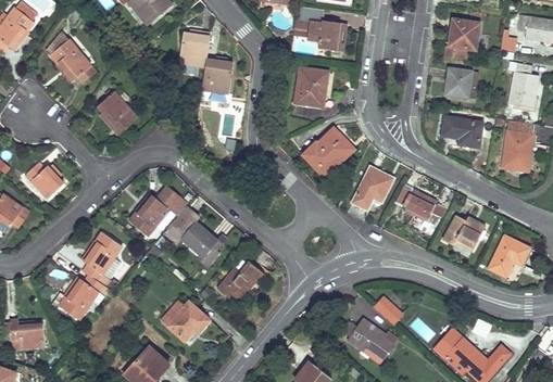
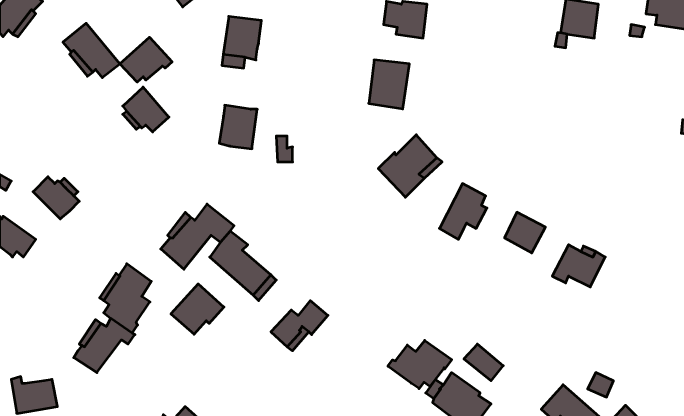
building: none -> [120,37,172,82]
building: [202,60,232,94] -> [219,105,257,149]
building: [508,63,539,109] -> none
building: [445,68,472,98] -> none
building: [441,117,482,149] -> none
building: [502,122,535,171] -> none
building: [489,237,530,277] -> none
building: none -> [388,340,452,389]
building: [167,301,210,341] -> [171,284,224,334]

